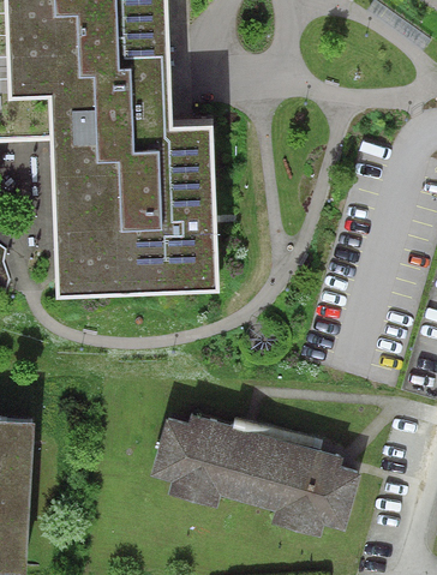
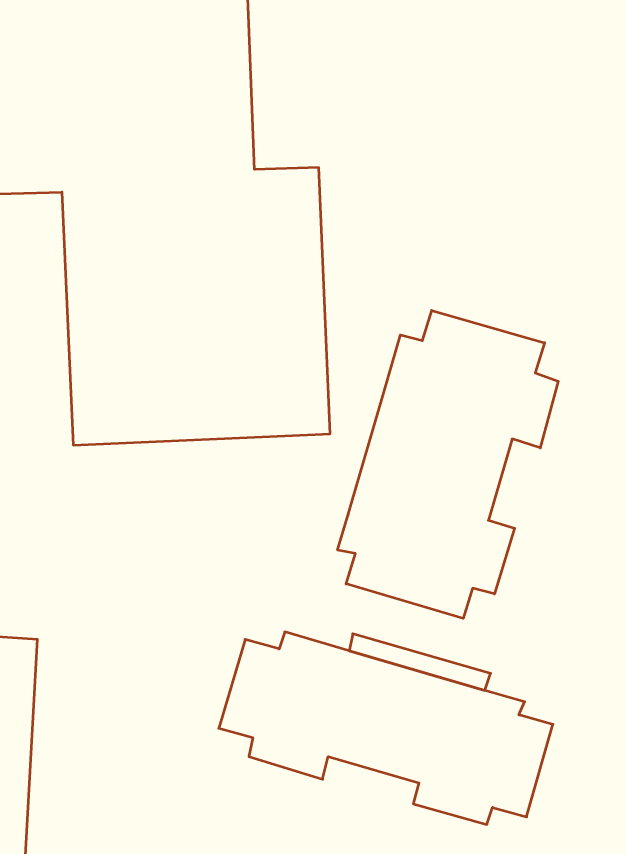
building: none -> [338,310,558,618]

